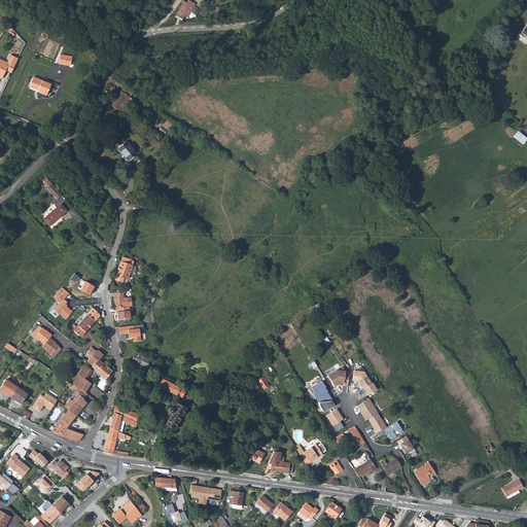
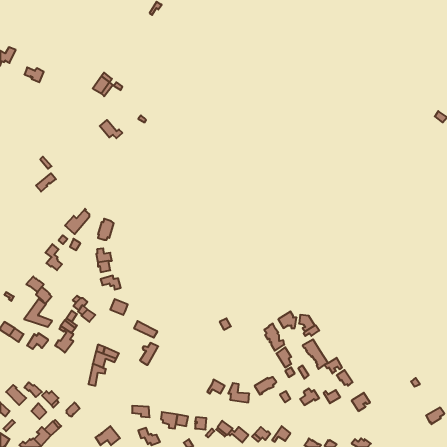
building: [70,307,99,337] -> [65,209,89,234]
building: [50,409,83,442] -> [24,299,52,327]

